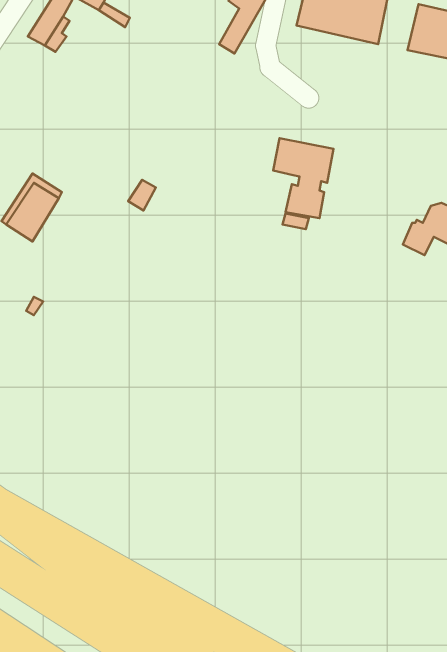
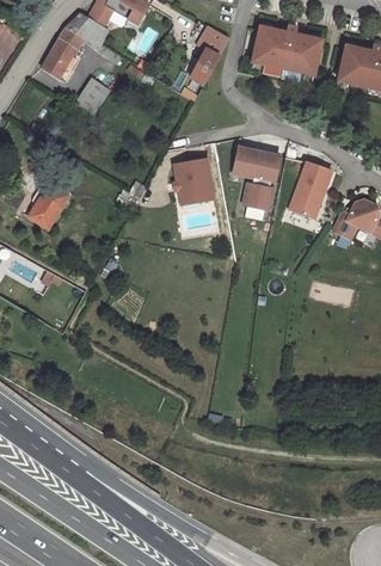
building: none -> [76,76,110,111]
building: none -> [173,159,214,202]
building: none -> [290,161,333,217]

